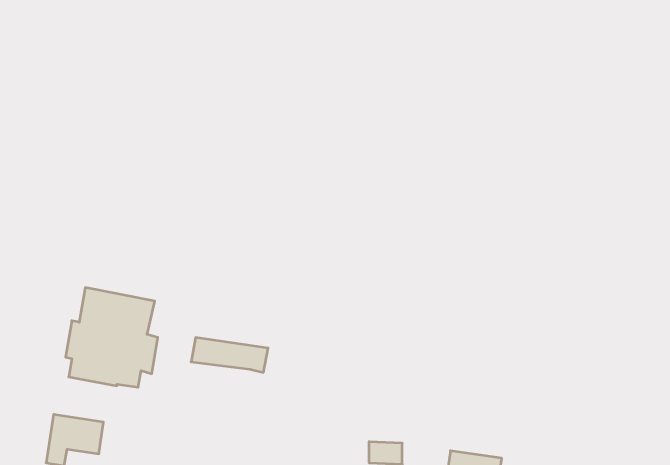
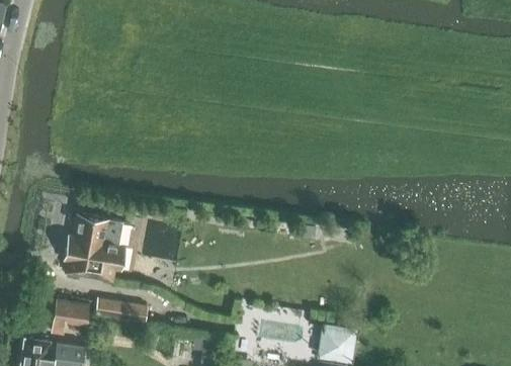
building: [191,338,268,372] -> [96,298,148,322]

